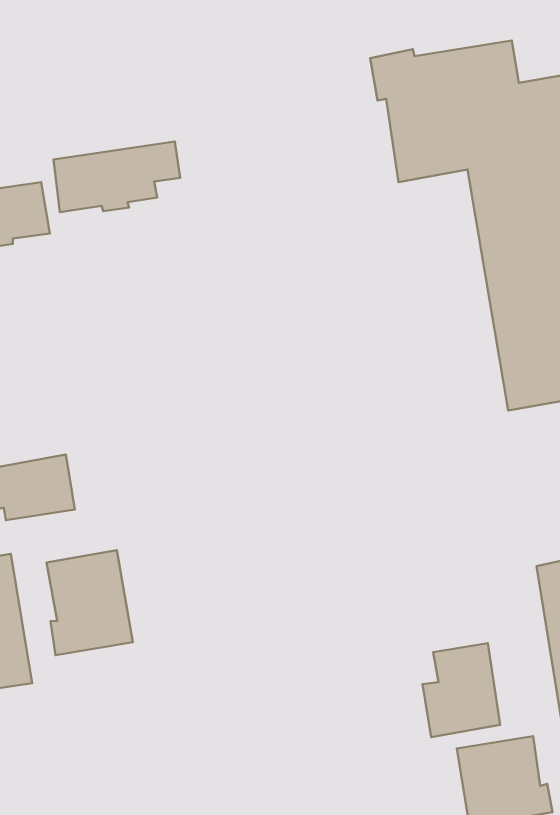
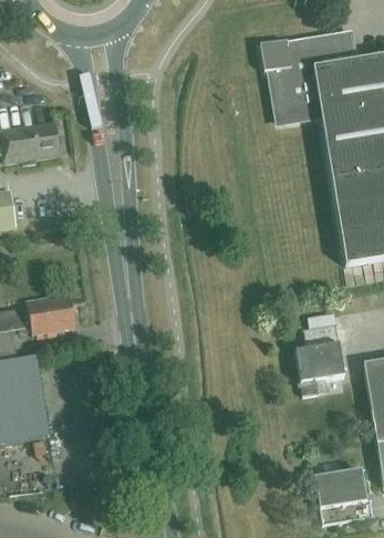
building: [54,141,180,212] -> none
building: [46,550,133,655] -> none
building: [422,643,500,737] -> [297,324,345,383]

